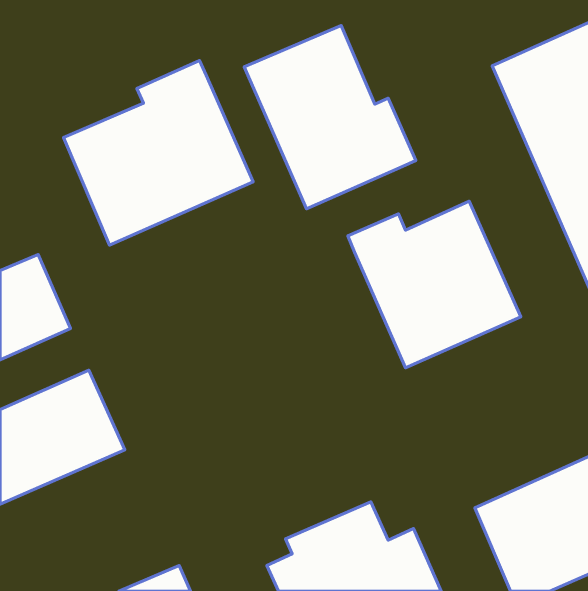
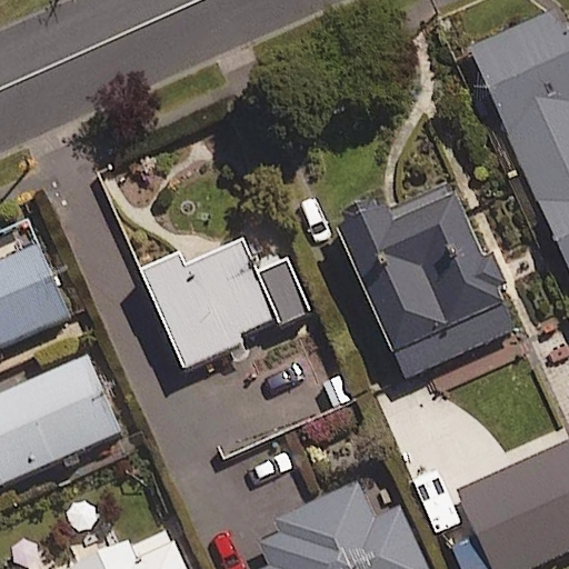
building: [244,26,416,209] -> none
building: [64,60,253,245] -> none
building: none -> [139,241,276,361]

